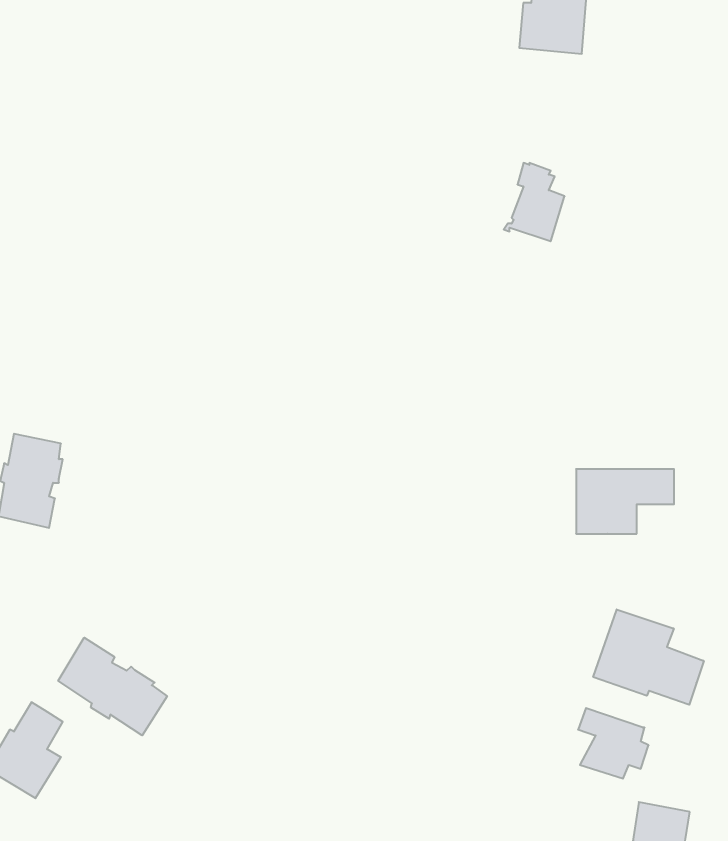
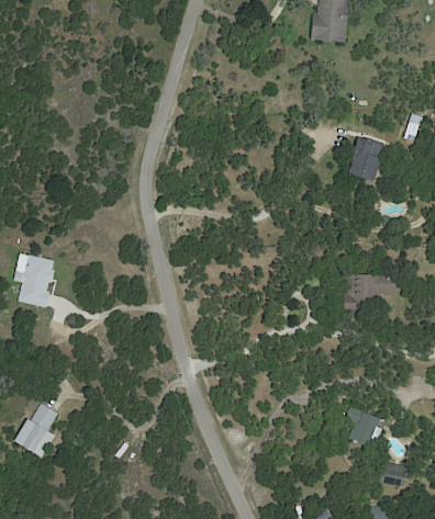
building: [504,163,565,241] -> [349,135,383,179]
building: [593,609,704,705] -> none
building: [58,638,167,735] -> none

